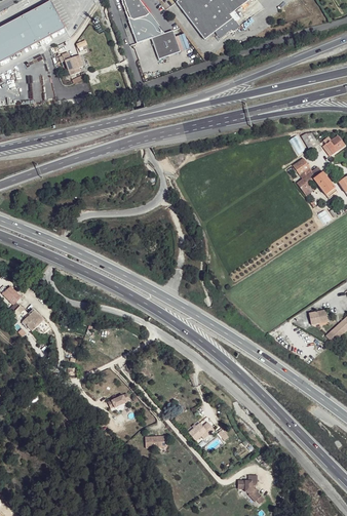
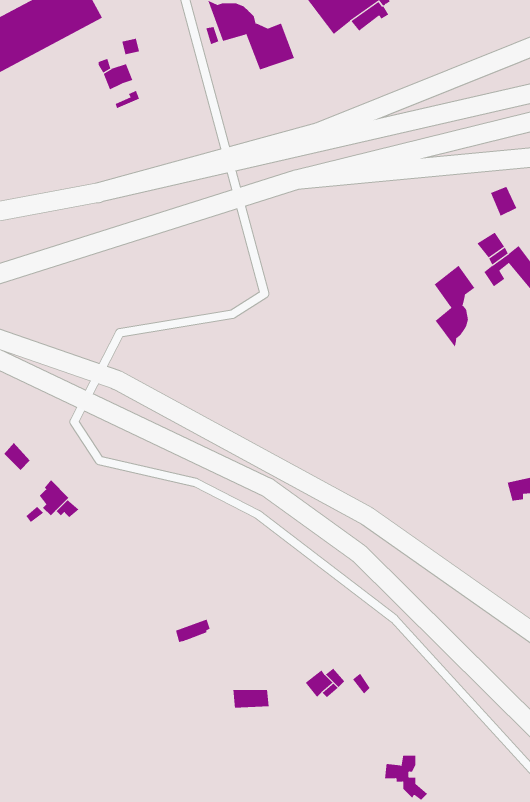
building: none -> [434,265,475,348]

